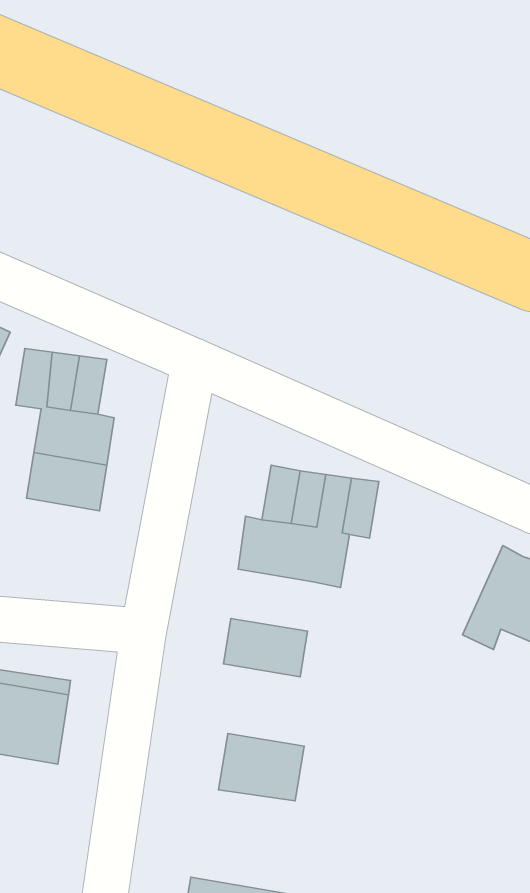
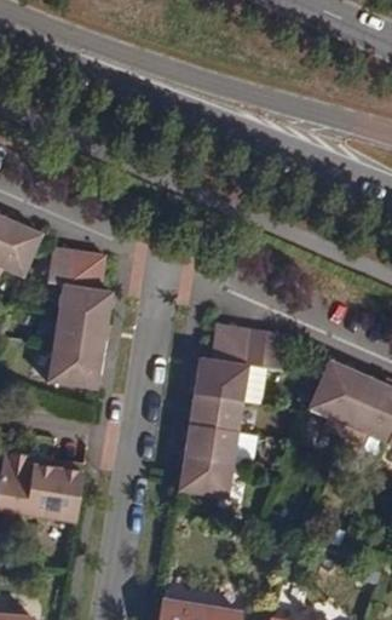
building: none -> [47,346,102,391]
building: none -> [307,361,369,437]
building: none -> [189,394,243,435]
building: [219,733,304,801] -> [178,457,235,501]

